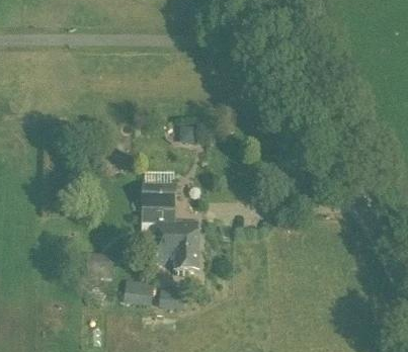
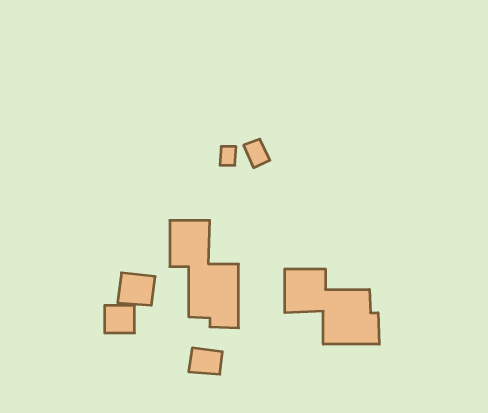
building: none -> [285,269,379,344]
building: [123,278,153,304] -> [118,273,155,305]

